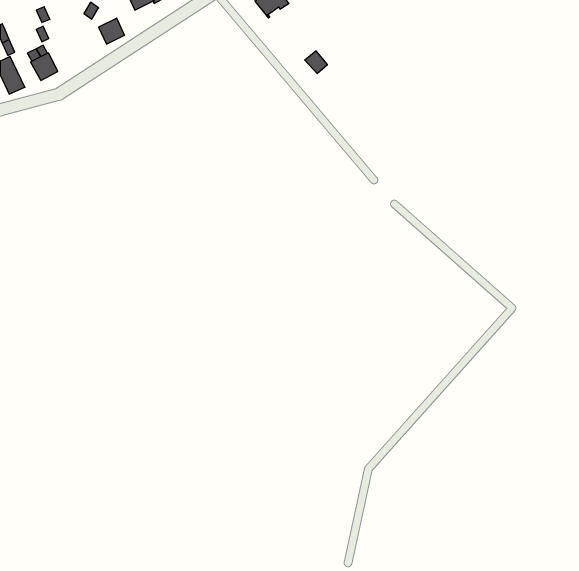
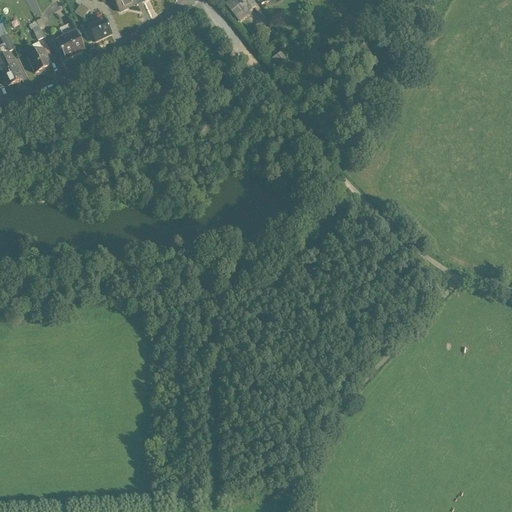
building: none -> [56,31,83,55]

